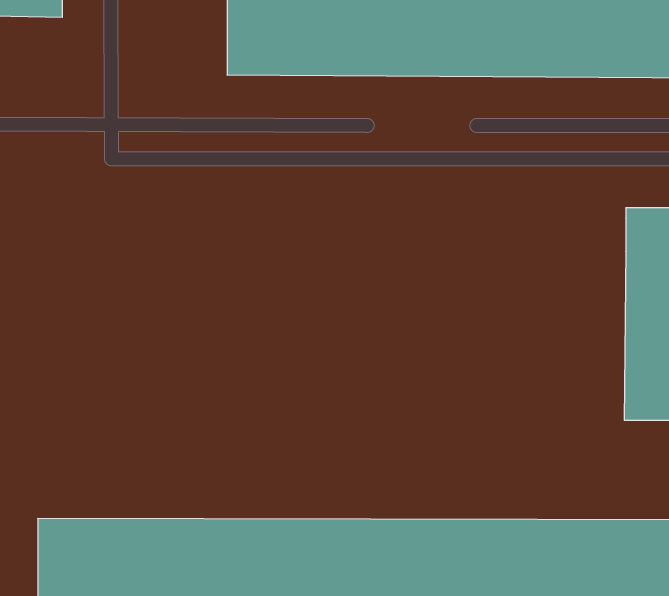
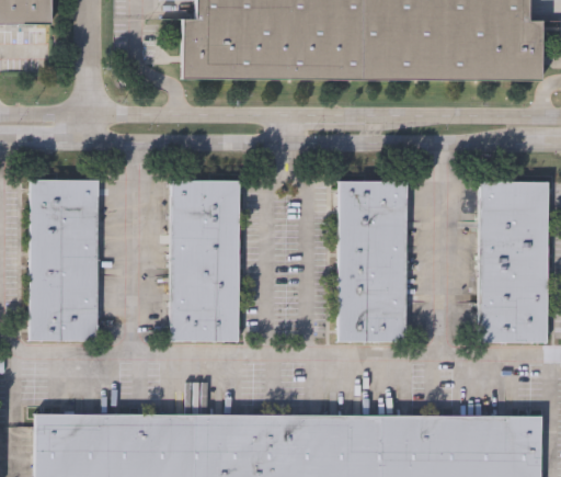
building: none -> [30,178,99,340]
building: none -> [171,179,239,340]
building: none -> [339,180,407,341]

